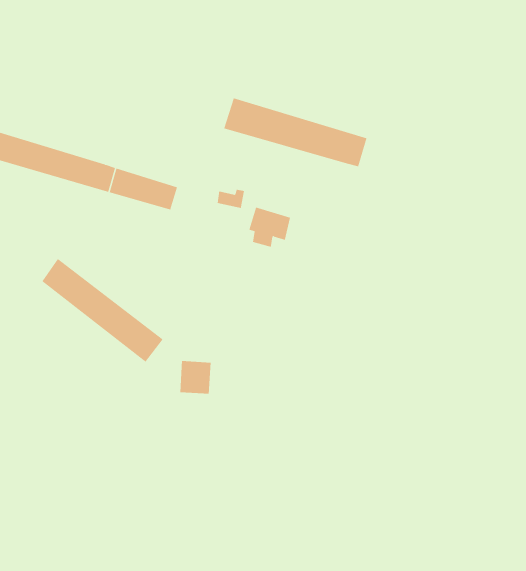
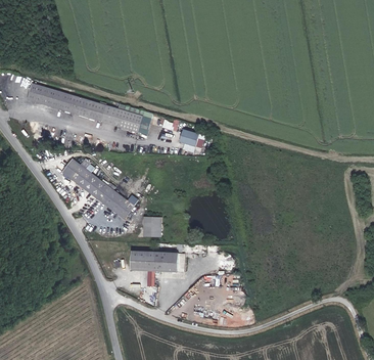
building: [224,98,367,167] -> none
building: none -> [130,251,177,272]

